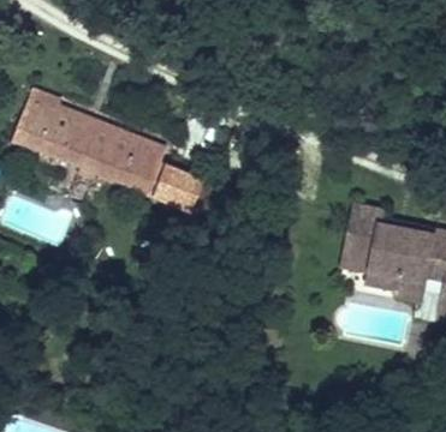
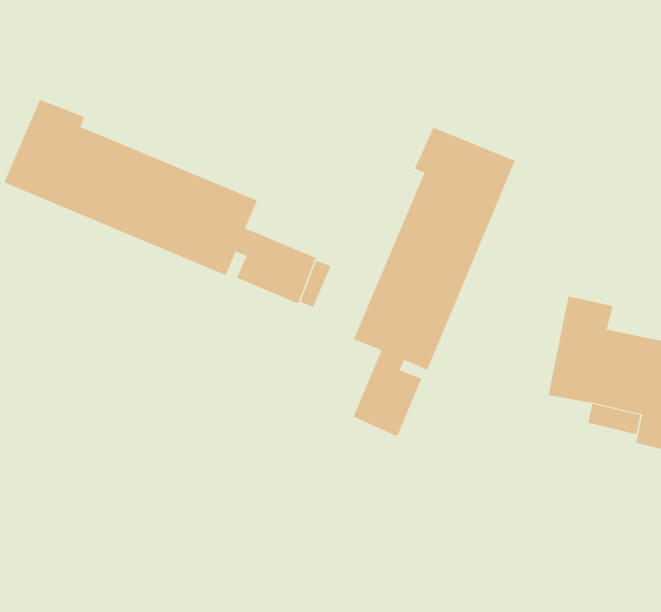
building: none -> [352,127,516,436]

